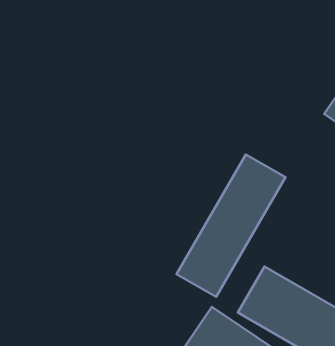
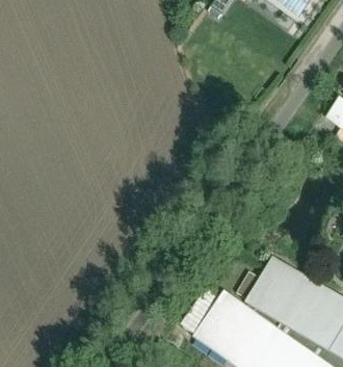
building: [177,154,286,297] -> none

